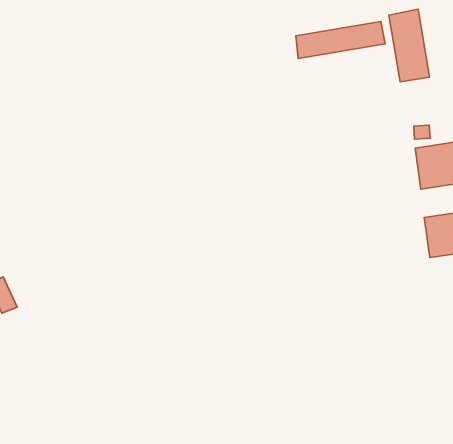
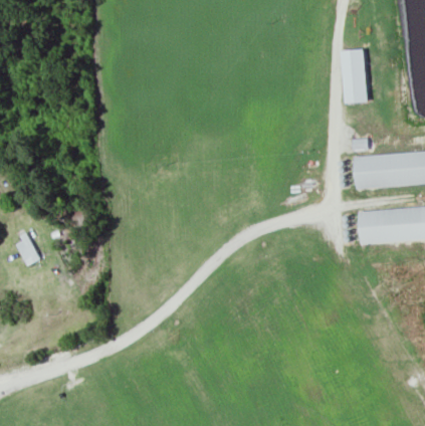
building: [296,21,385,58] -> none

